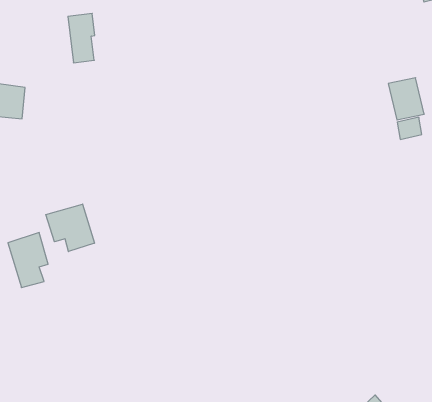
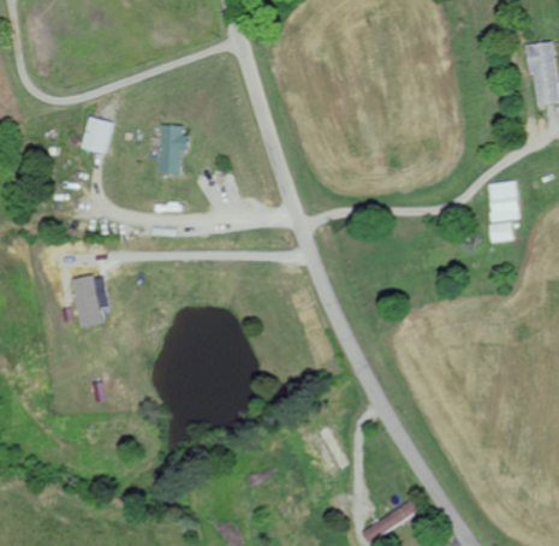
building: [68,13,95,63] -> [157,124,185,173]
building: [46,204,94,252] -> none

